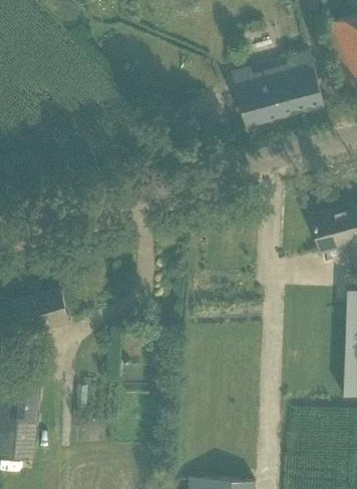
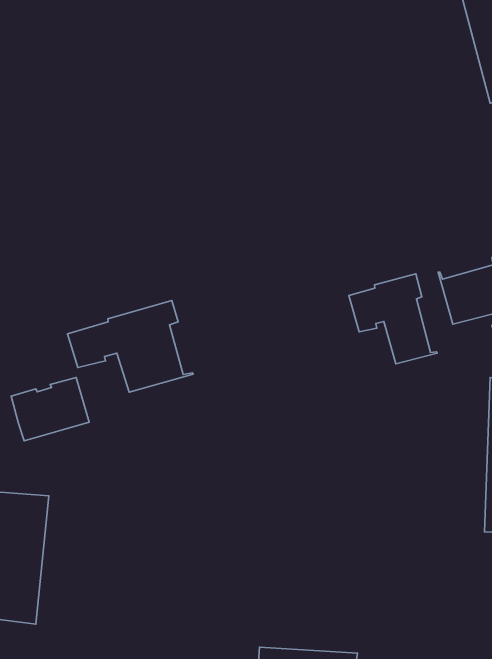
building: [231,52,323,127] -> none
building: none -> [349,274,437,364]
building: none -> [67,301,193,392]

